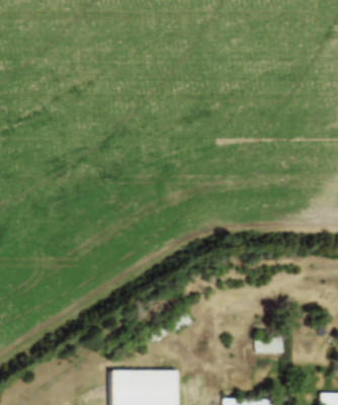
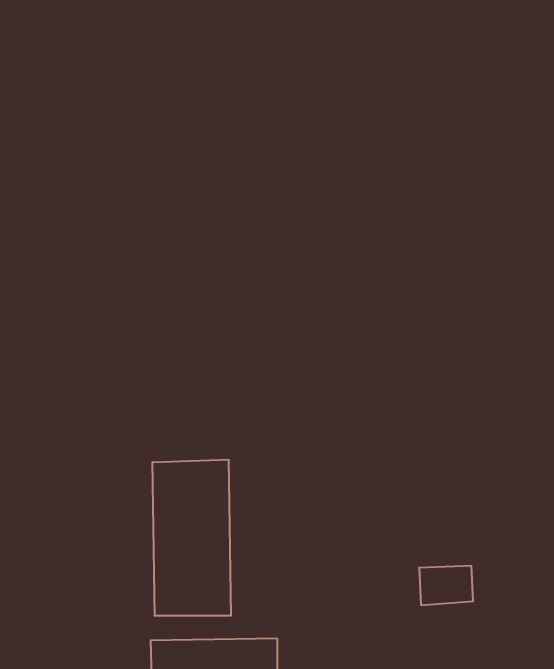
building: none -> [153,460,231,616]

